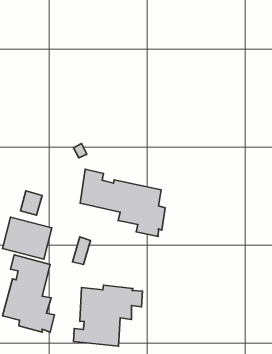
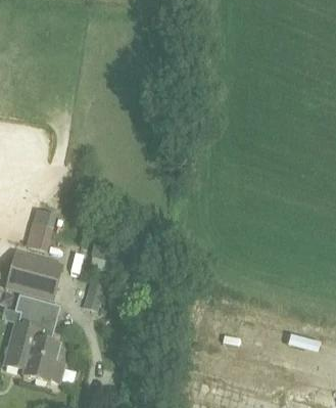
building: [80,169,165,237] -> none
building: [73,285,142,346] -> none

